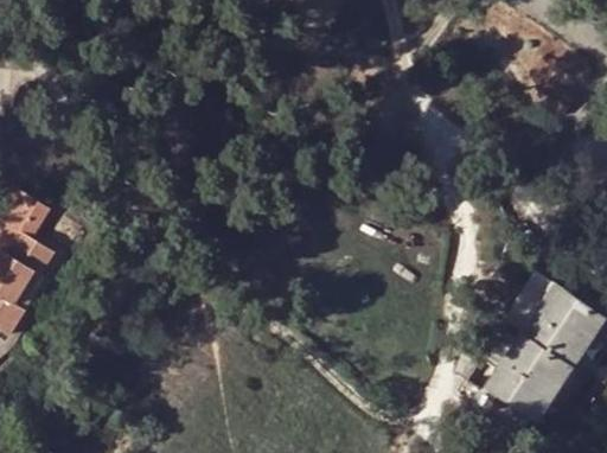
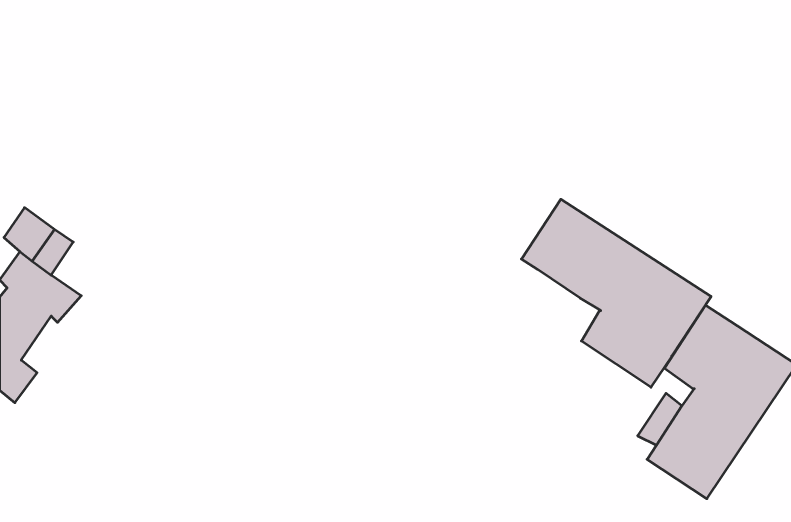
building: none -> [521,199,711,387]

